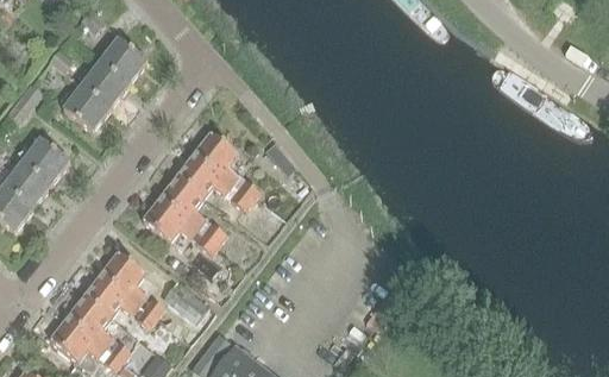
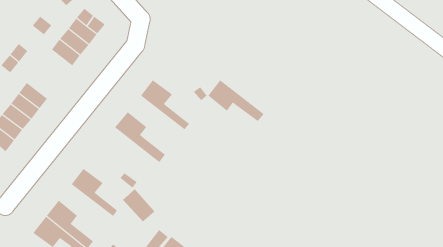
building: [62,93,102,131] -> none
building: [176,155,252,212] -> [208,79,264,122]
building: [142,197,219,253] -> none
building: [83,274,157,328] -> none

